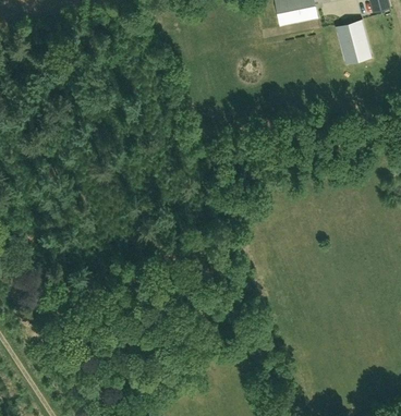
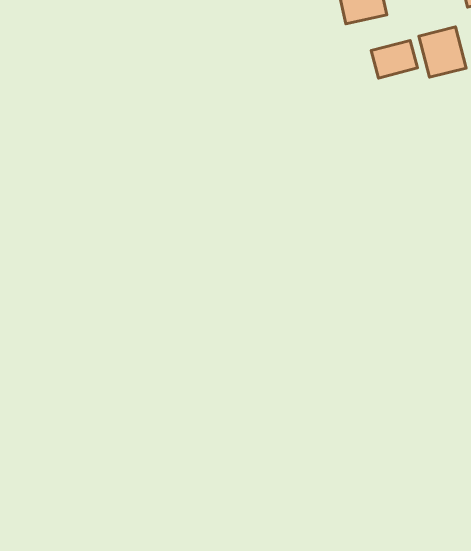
building: none -> [371,41,418,78]

